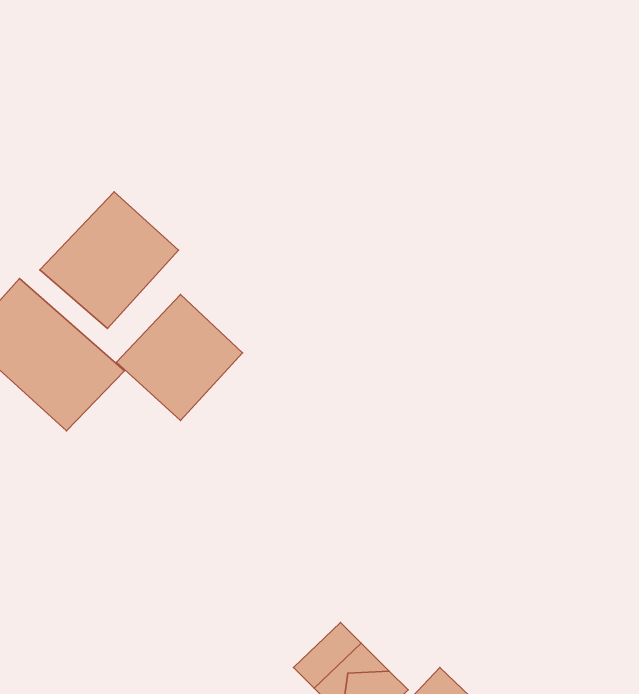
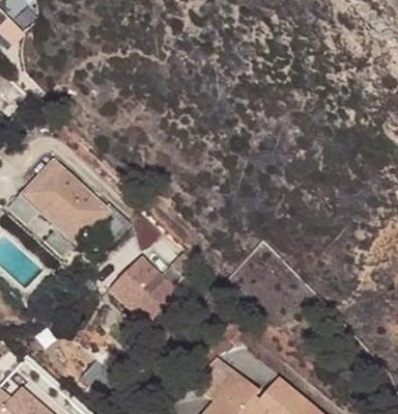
building: [40,192,178,328] -> none
building: [117,295,242,420] -> [105,249,174,319]

